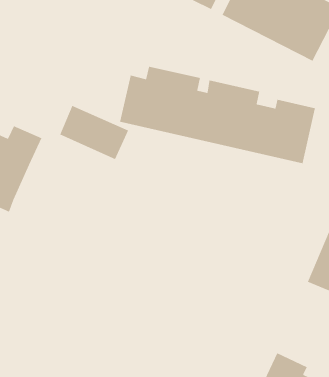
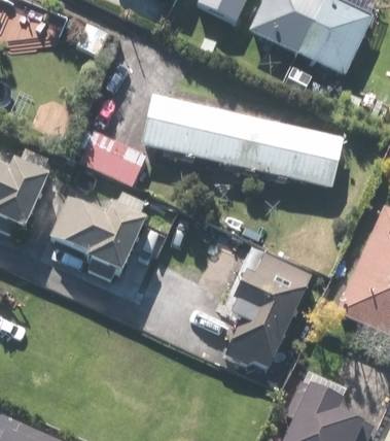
building: none -> [43,192,162,281]
building: none -> [225,250,314,375]

